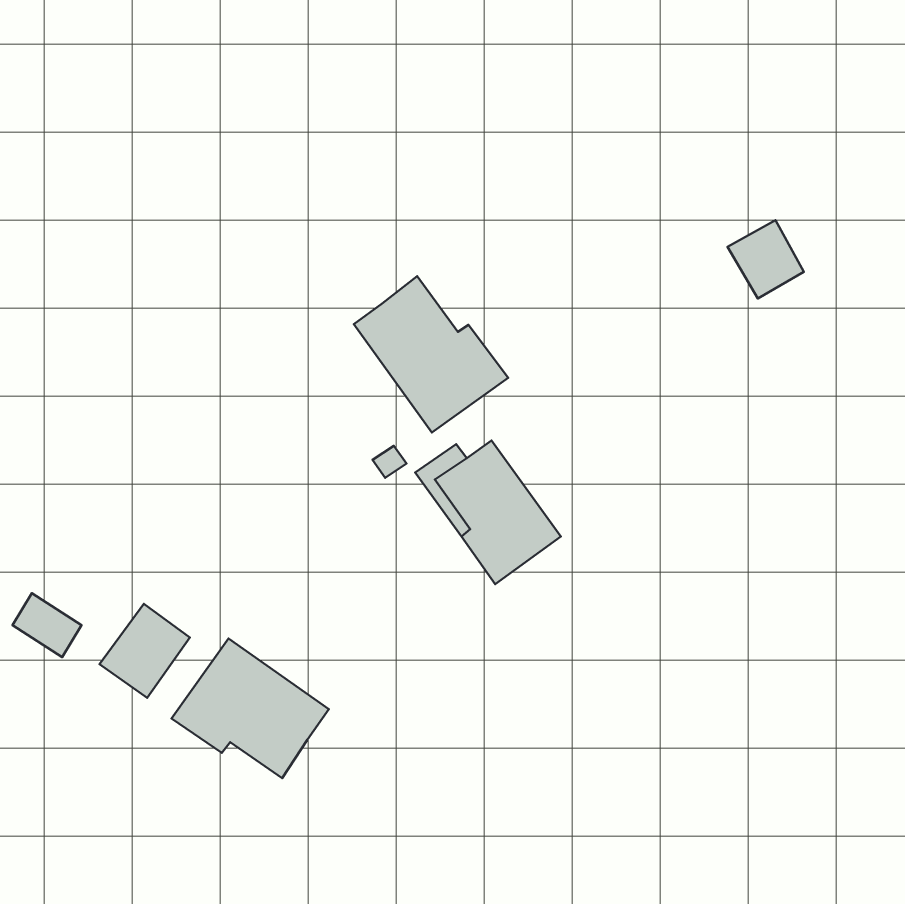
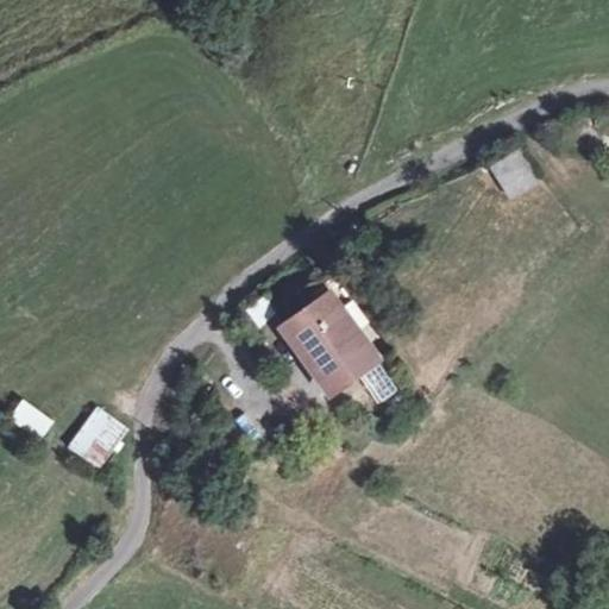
building: [354,276,508,432] -> none
building: [172,638,329,778] -> none

